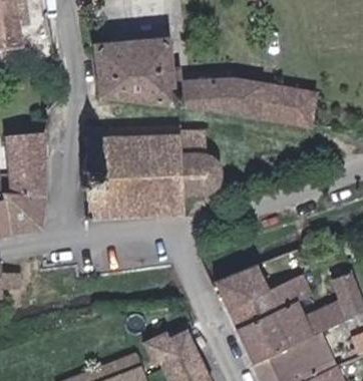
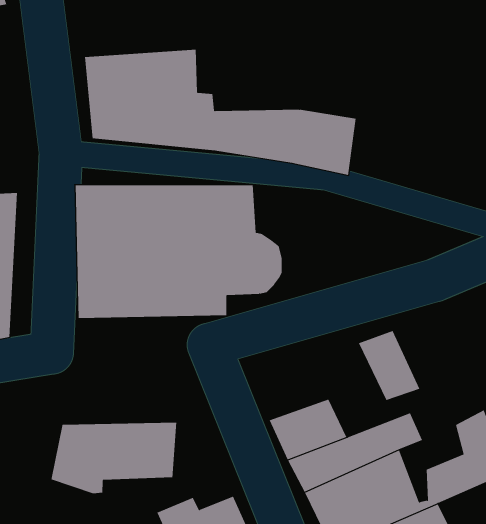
building: [265,84,314,126] -> none
building: none -> [358,330,420,401]
building: none -> [51,422,177,494]

